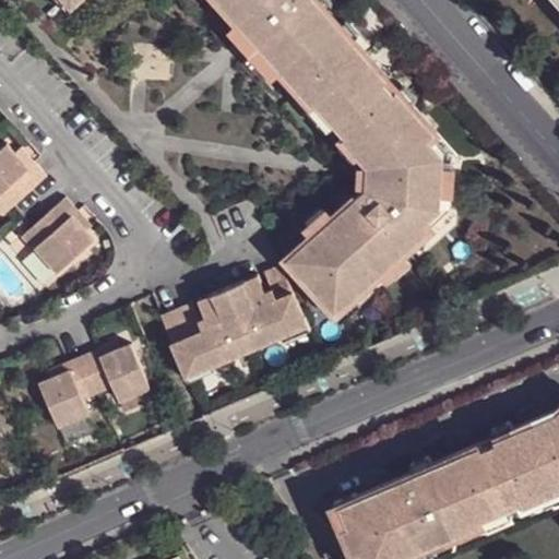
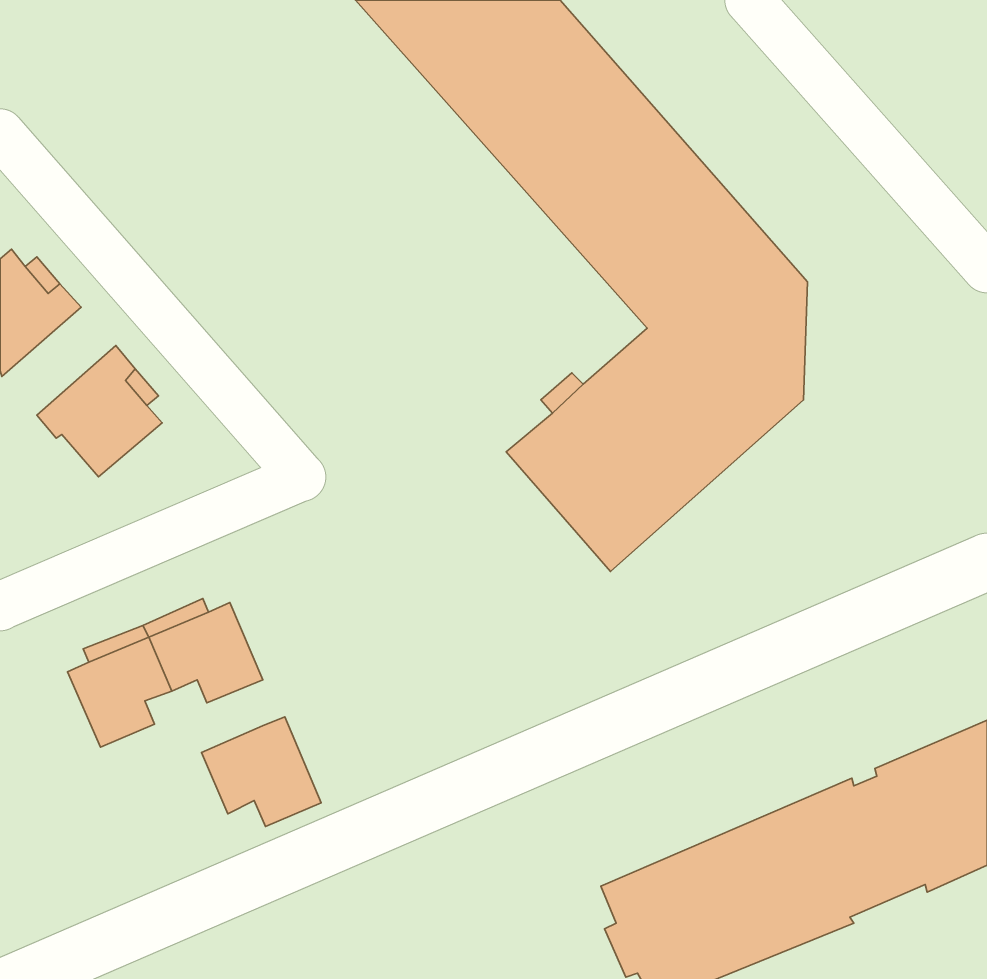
building: [159,266,302,371] -> none
building: none -> [202,717,321,827]

